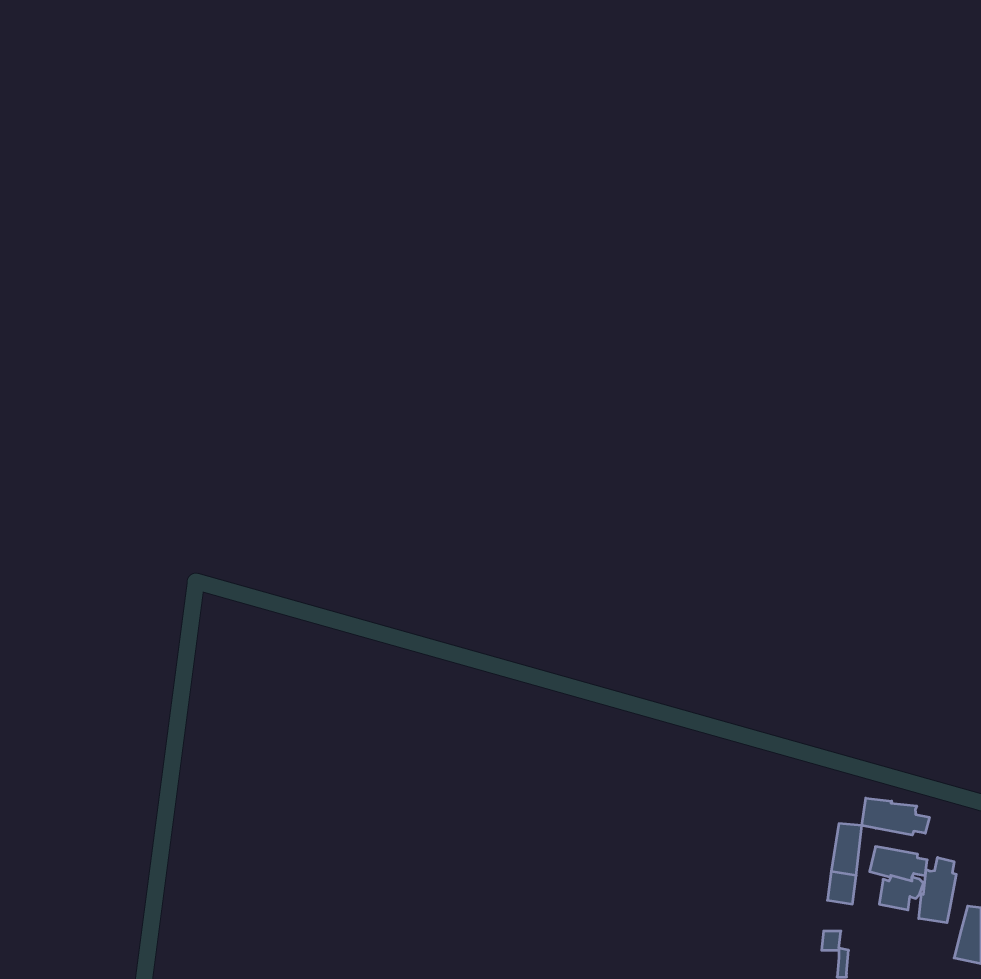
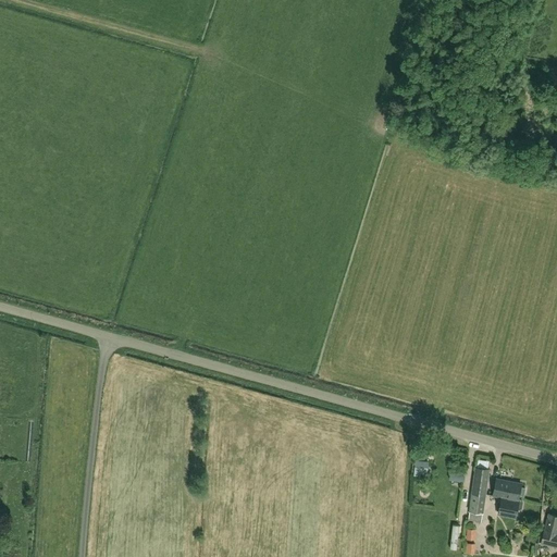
building: [862,798,929,835] -> none
building: [919,857,956,923] -> none

